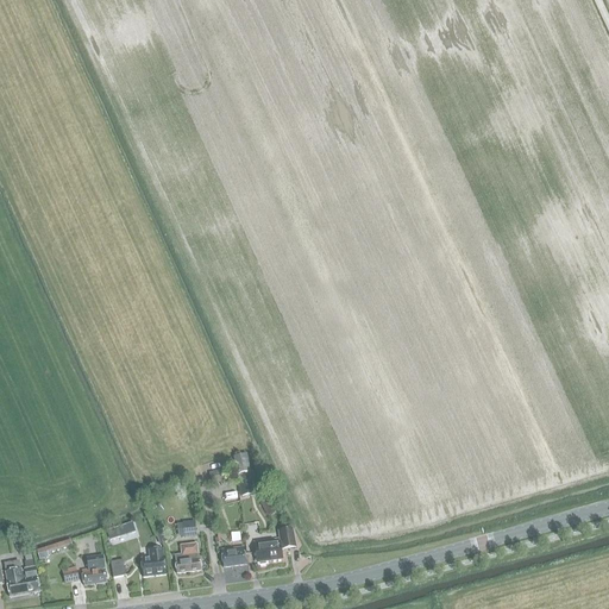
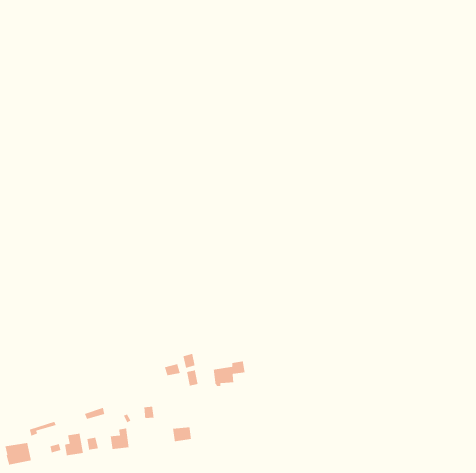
building: [256,529,297,563] -> [213,361,245,387]
building: [174,540,200,571] -> none

